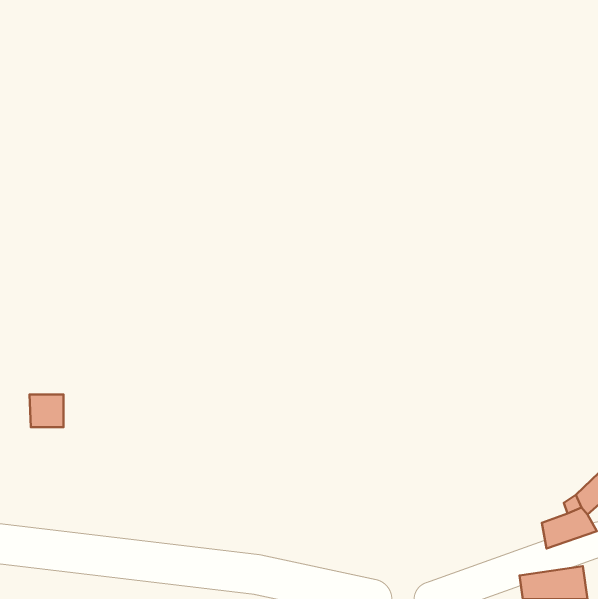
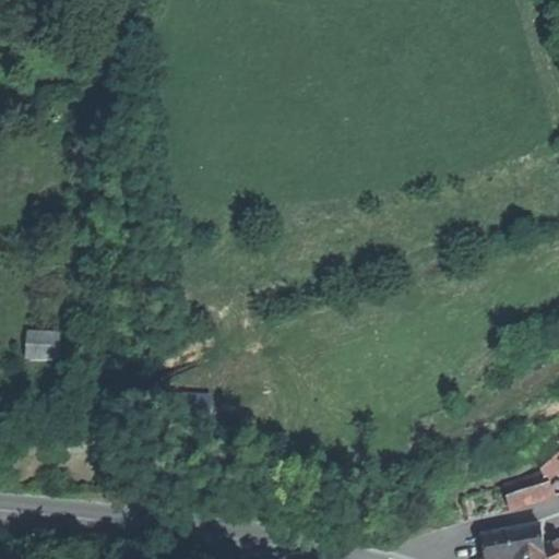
building: [30,394,64,427] -> [26,330,58,360]

